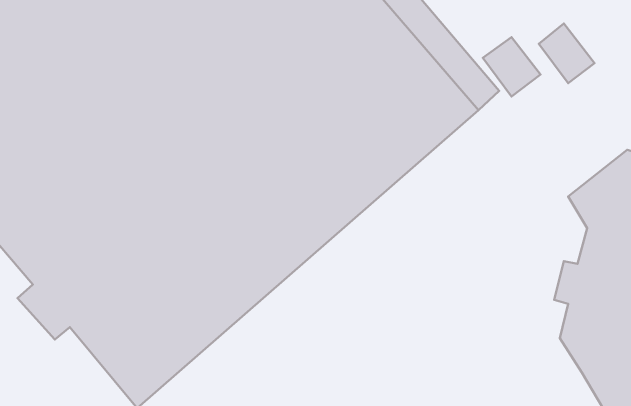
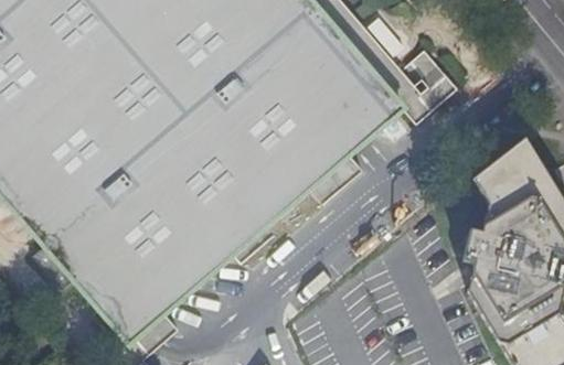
building: [539,23,595,83] -> none

